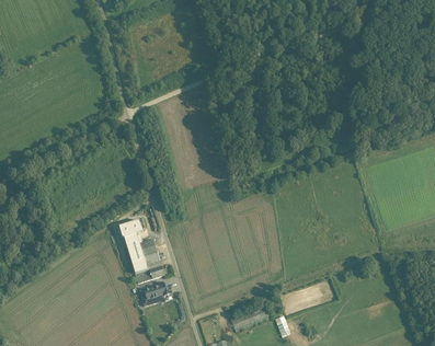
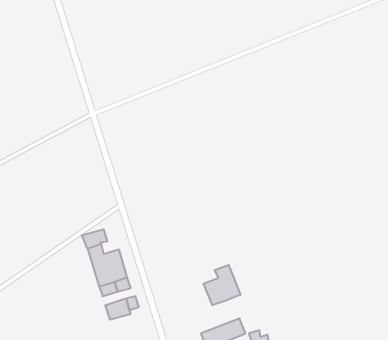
building: none -> [204,265,240,305]

